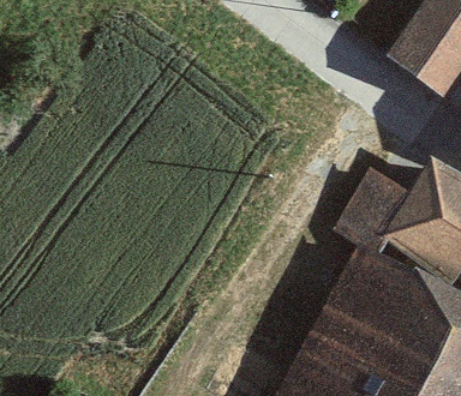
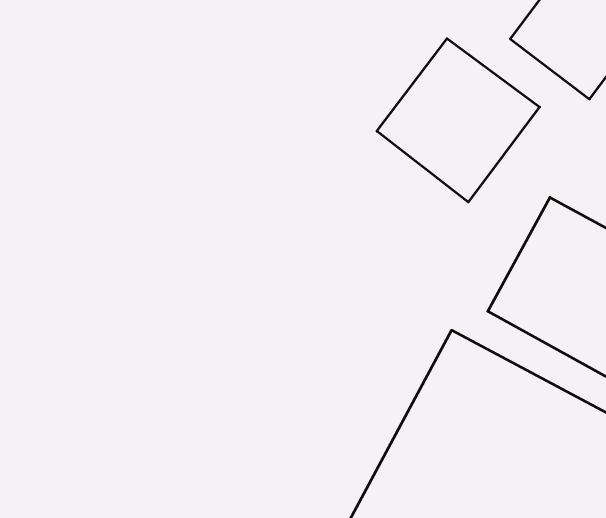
building: none -> [377,39,540,202]

